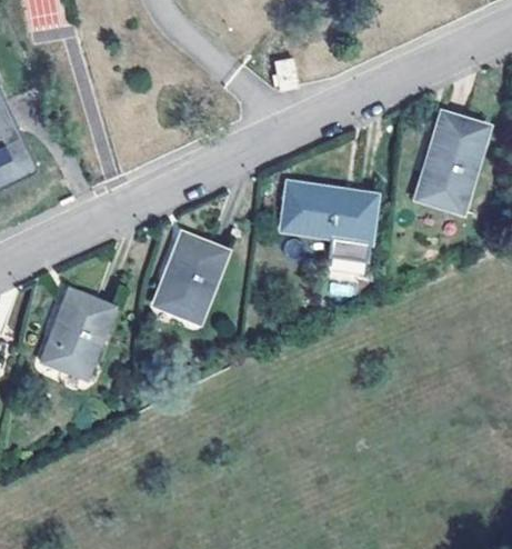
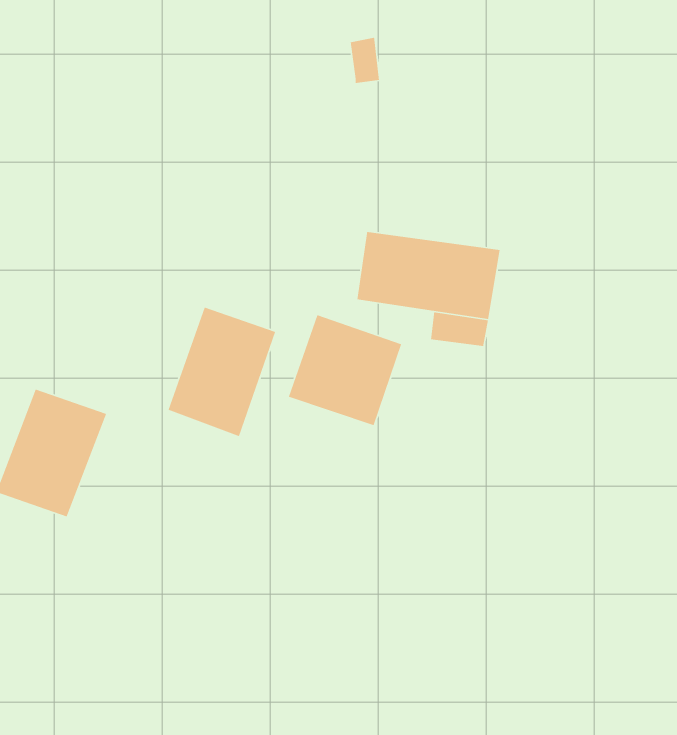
building: [416,111,485,211] -> none
building: none -> [288,314,402,426]

